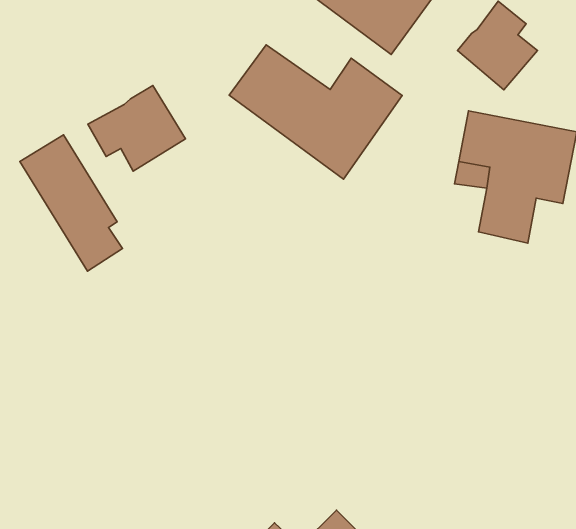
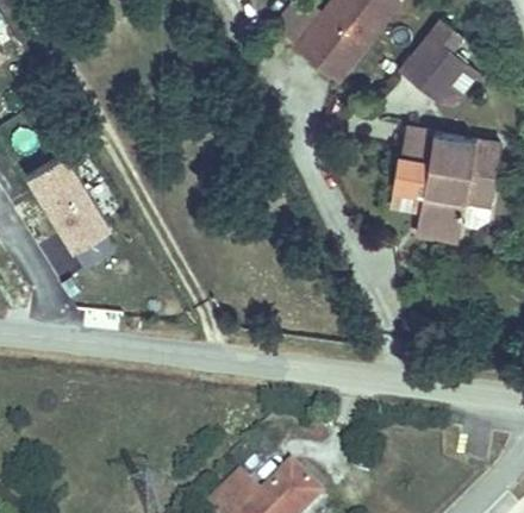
building: [229,45,402,179] -> none
building: [88,85,185,171] -> none

